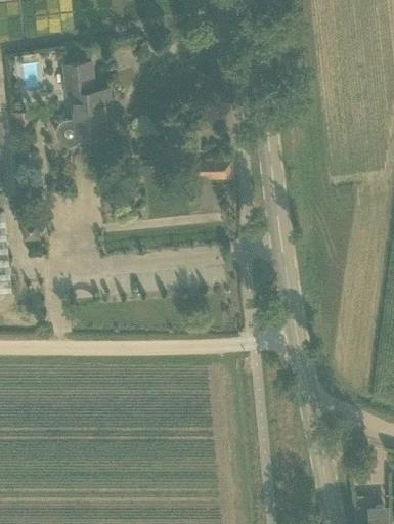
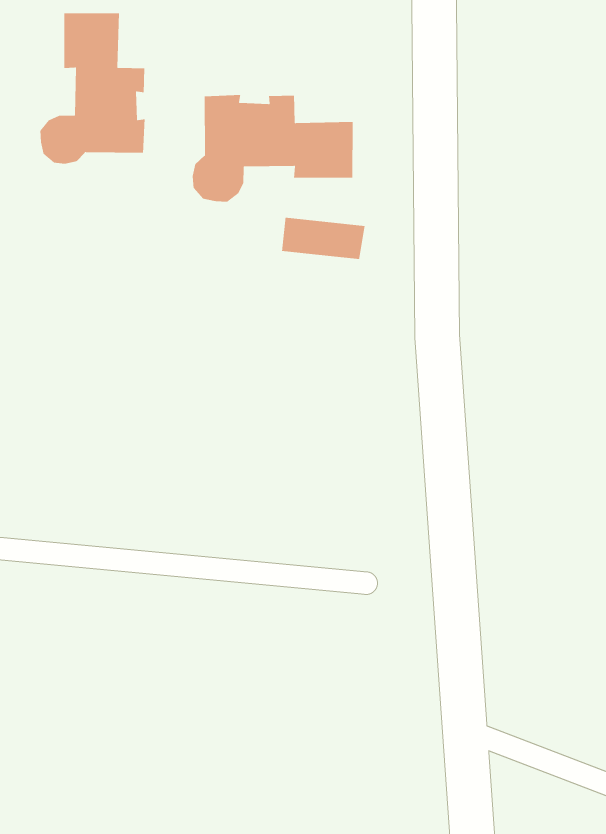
building: none -> [192,94,353,203]

